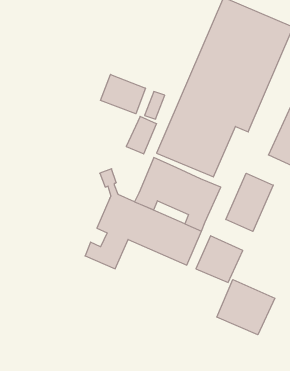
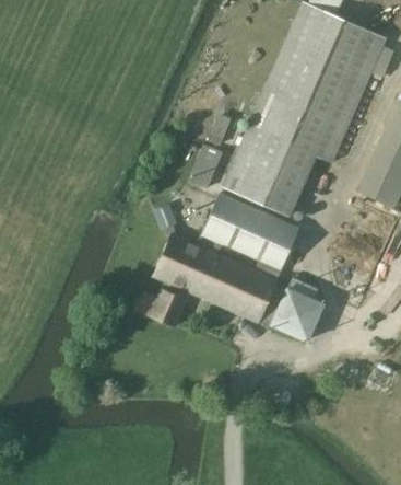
building: [101,74,145,114] -> none
building: [226,173,273,231] -> none
building: [217,280,275,335] -> none

